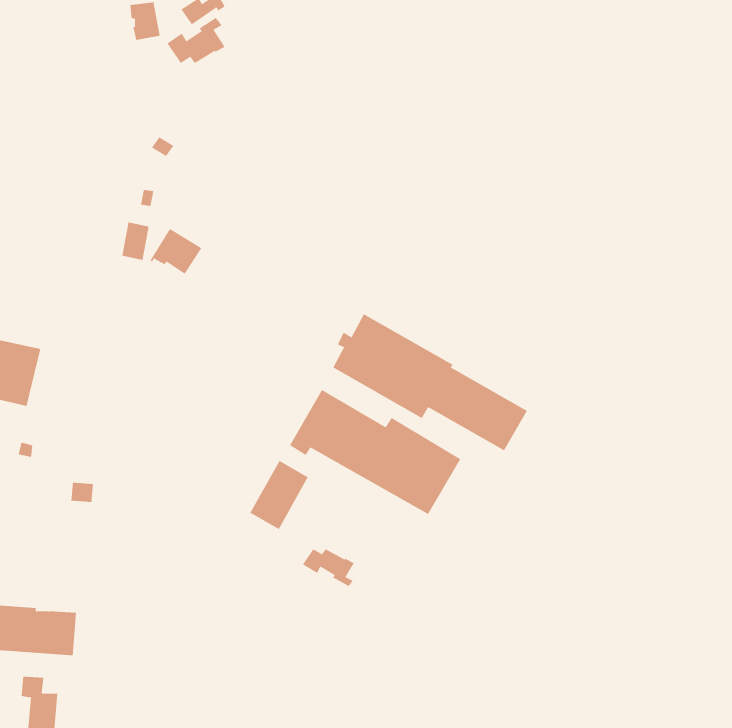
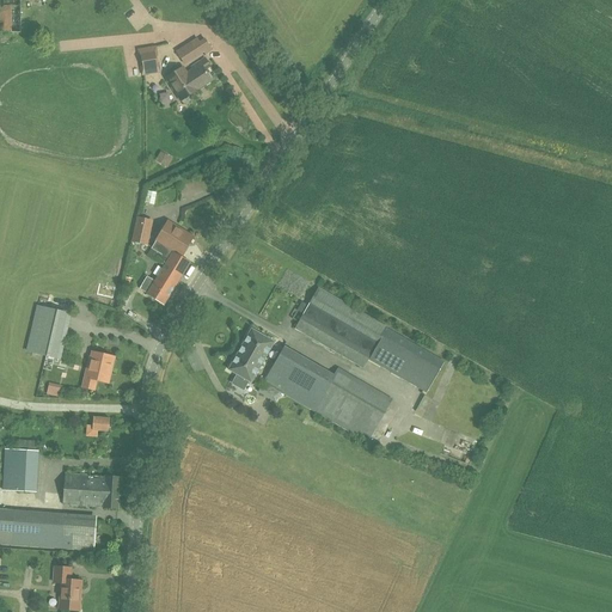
building: none -> [137,244,189,304]
building: none -> [81,350,114,390]
building: [250,460,308,530] -> [227,328,273,381]
building: [302,548,354,587] -> none
building: none -> [61,472,120,508]

